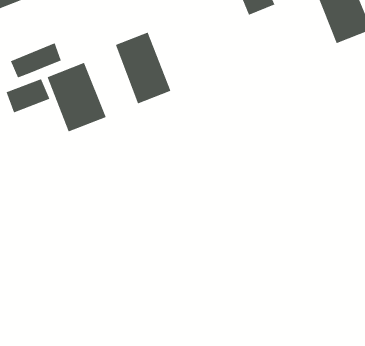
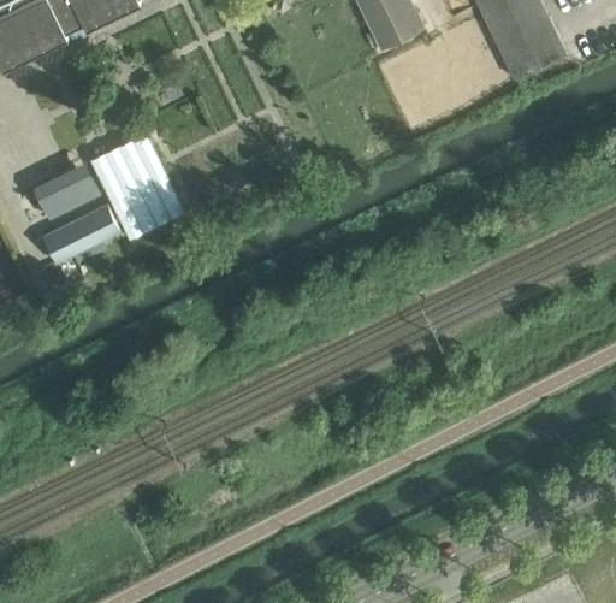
building: [115,32,171,105] -> none
building: [10,42,62,79] -> [43,205,120,262]

